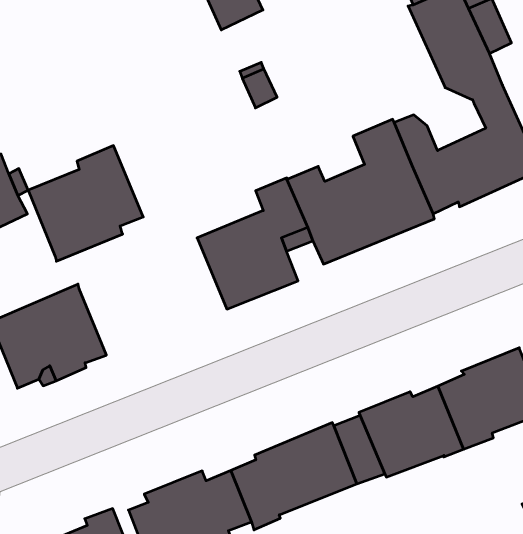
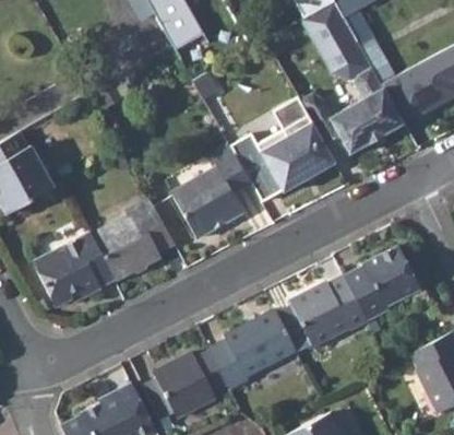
building: [28,146,143,261] -> [95,198,176,281]

